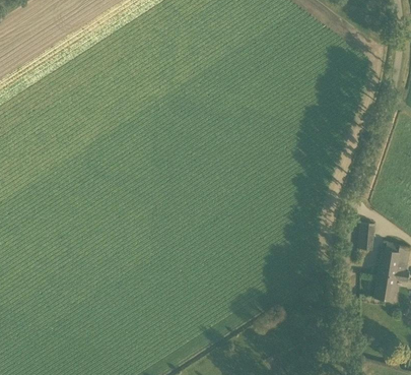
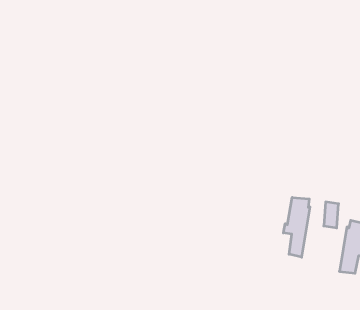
building: none -> [283,197,310,257]

